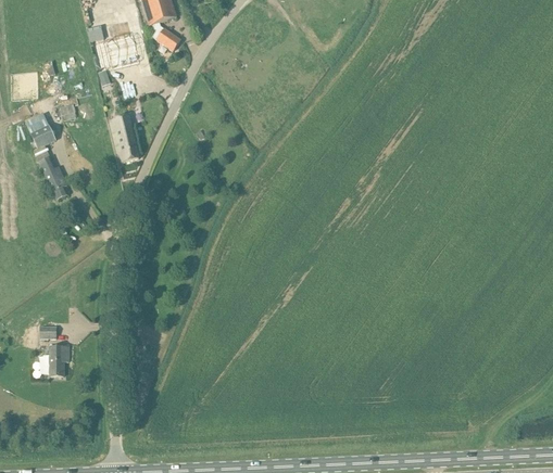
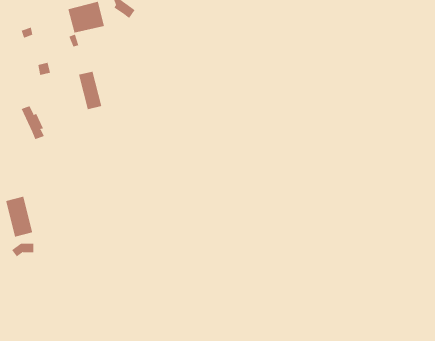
building: [26,113,56,161] -> none
building: none -> [5,196,33,238]
building: [43,346,70,375] -> none

